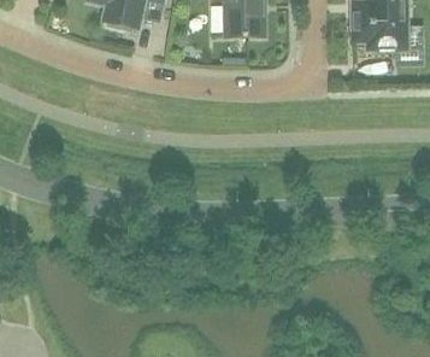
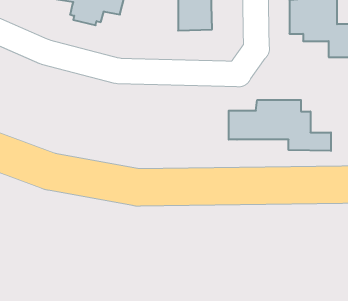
building: none -> [229,100,331,151]

